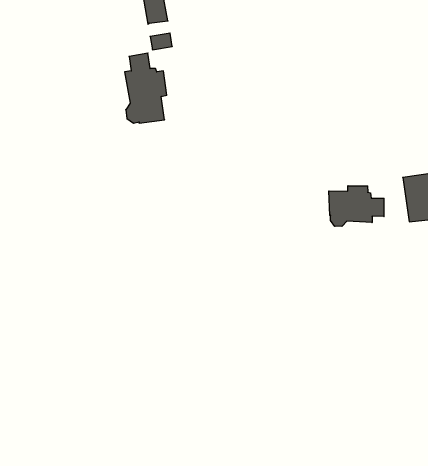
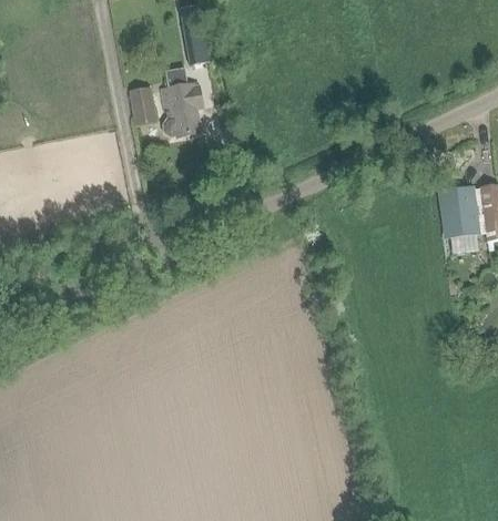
building: none -> [130,84,155,122]
building: [329,186,384,226] -> none

